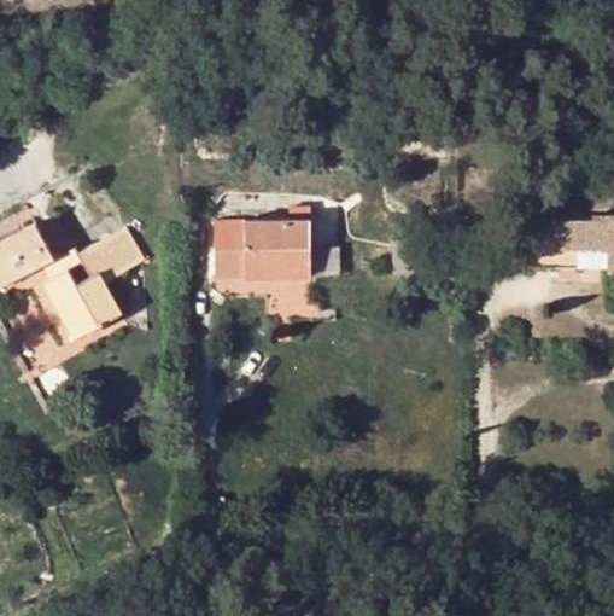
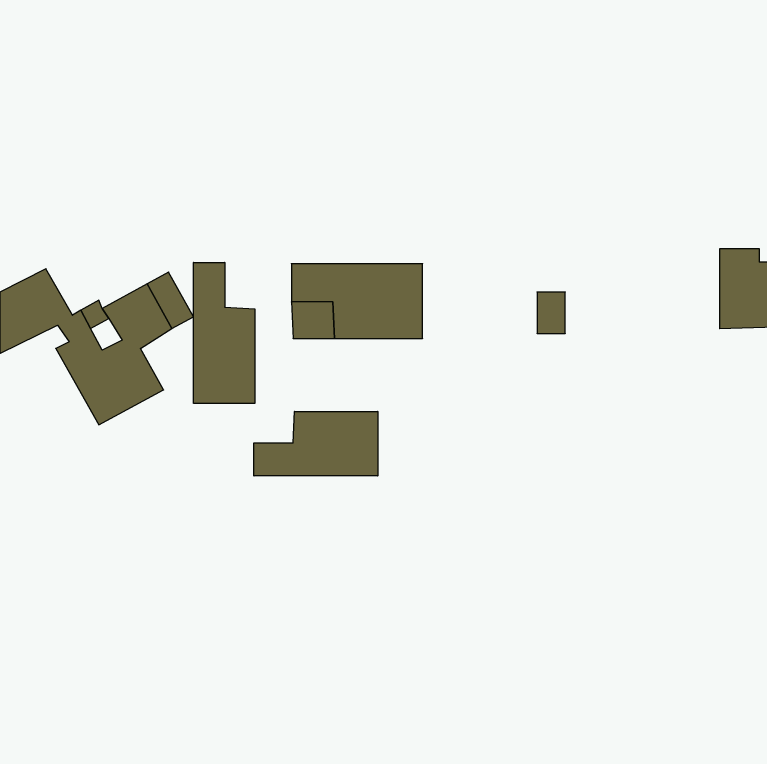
building: none -> [194,262,255,403]
building: none -> [254,411,378,476]

